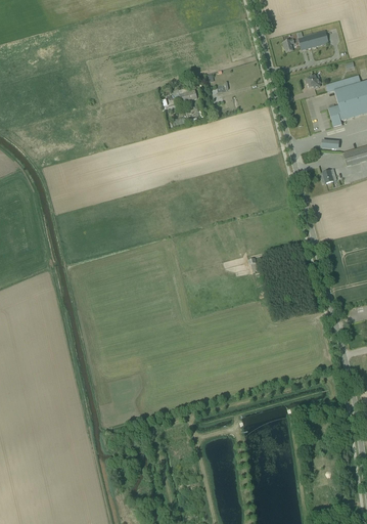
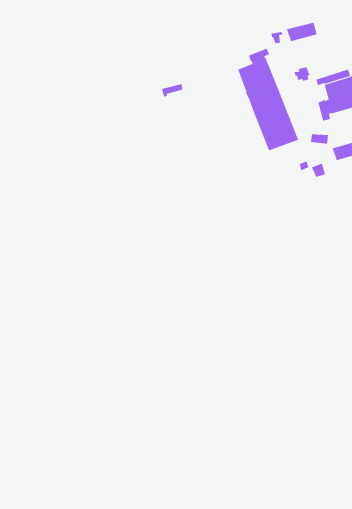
building: none -> [237,48,299,151]

